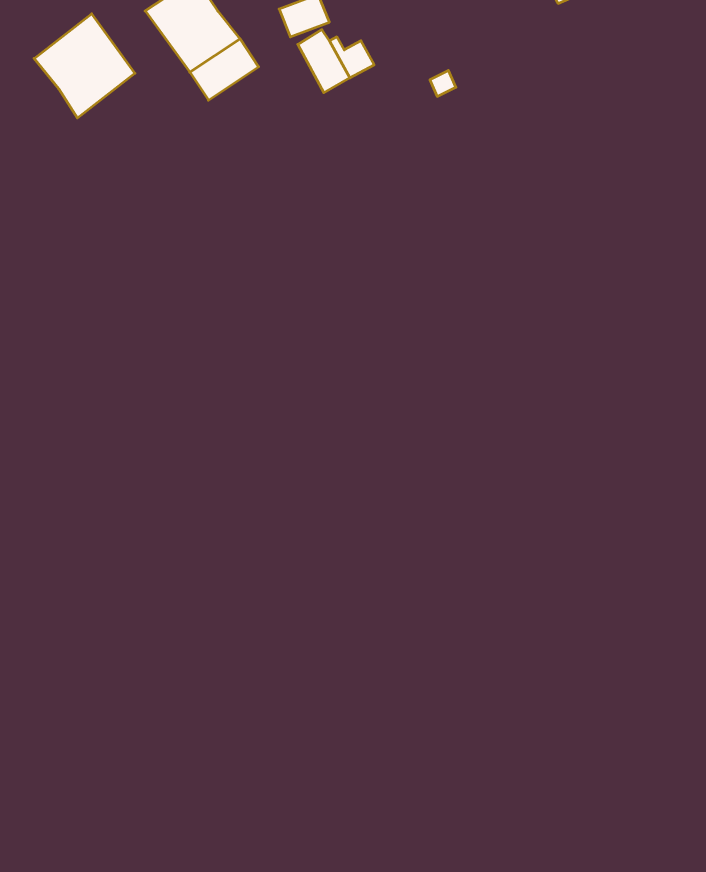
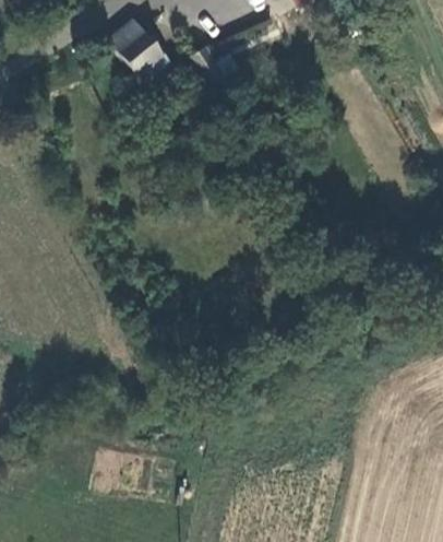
building: [34,14,135,118] -> none

